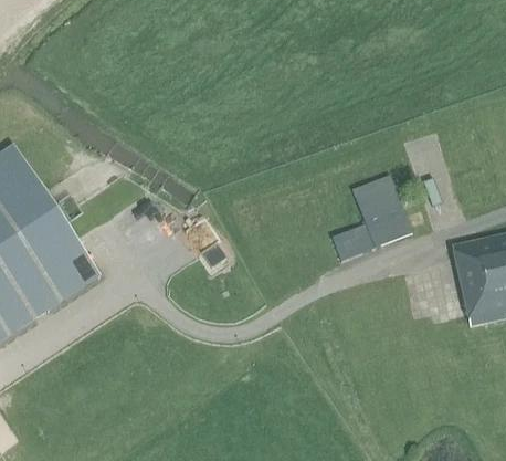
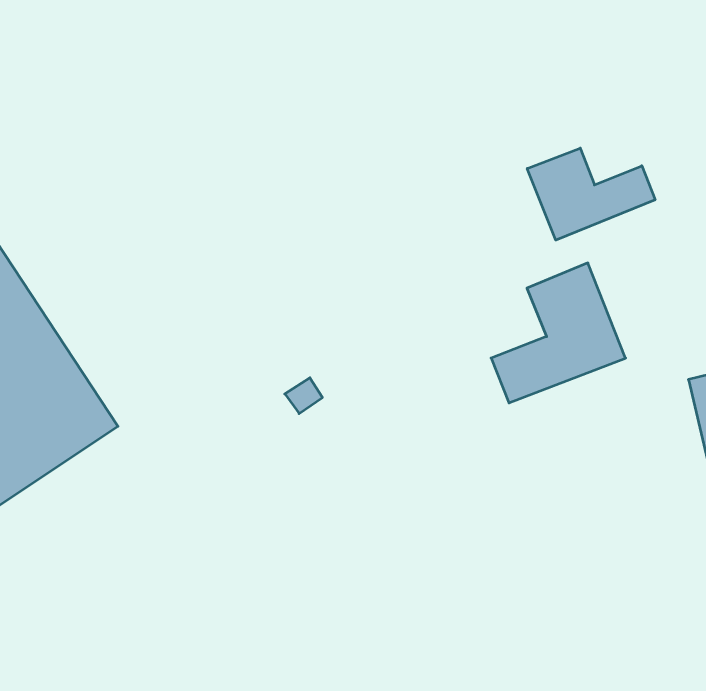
building: none -> [527,148,655,240]

